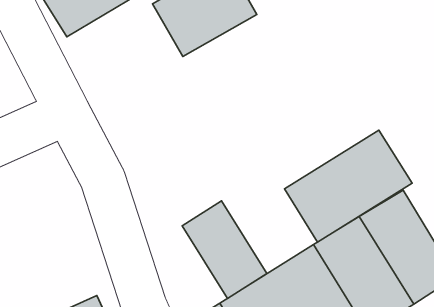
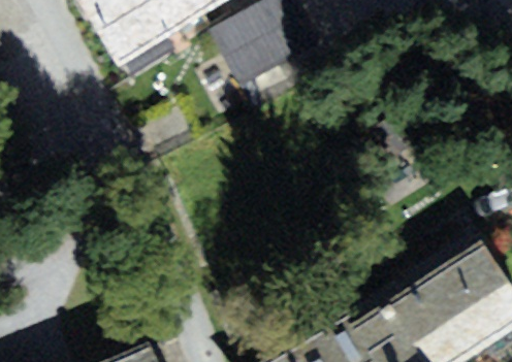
building: [284,130,412,242] -> none
building: [182,201,267,298] -> none

